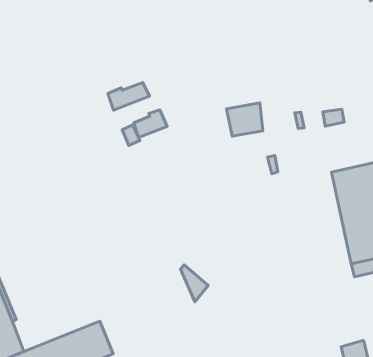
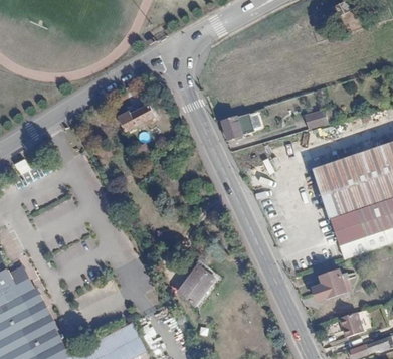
building: [134,110,167,138] -> none
building: none -> [177,265,209,309]
building: none -> [313,272,347,303]

